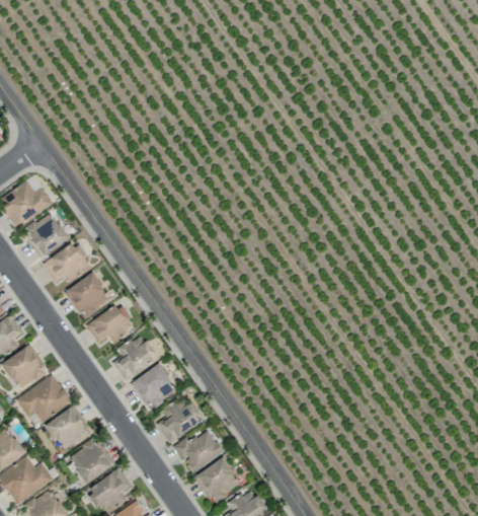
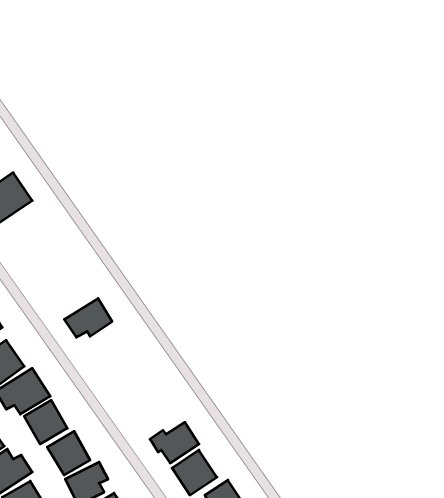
building: [28,213,69,256] -> none
building: [43,242,92,283] -> none
building: [65,273,111,319] -> none
building: [112,335,157,380] -> none
building: [132,365,177,411] -> none
building: [159,402,204,440] -> none

